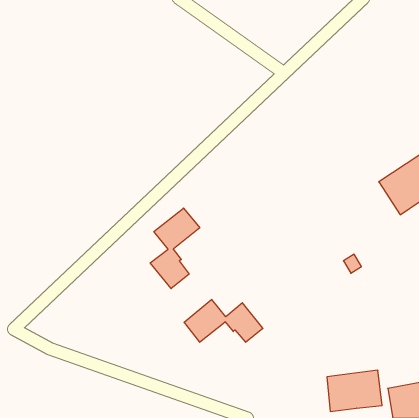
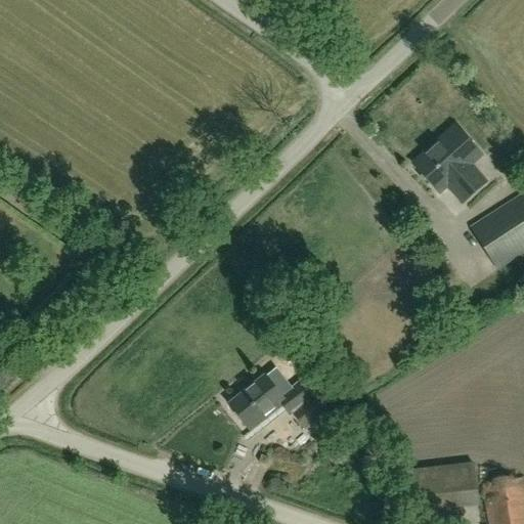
building: none -> [417,124,487,201]
building: [150,208,200,289] -> none

